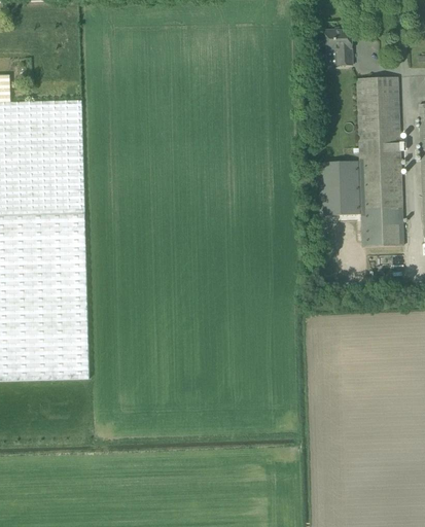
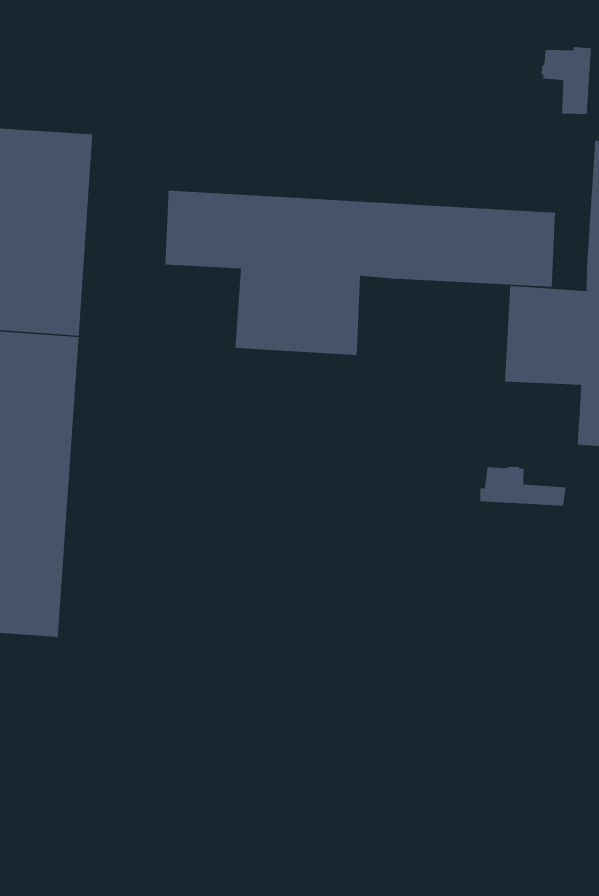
building: none -> [165,190,556,356]
building: none -> [479,466,567,507]

